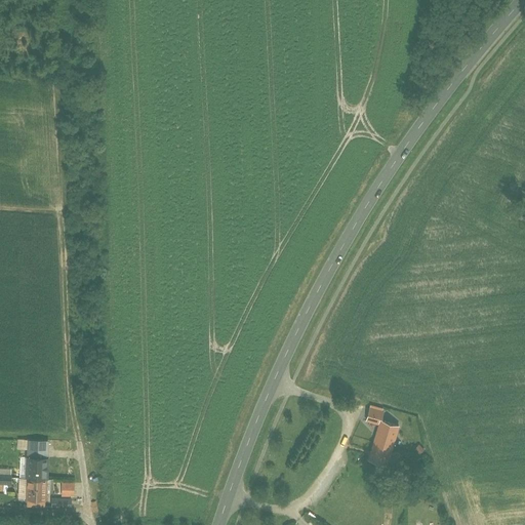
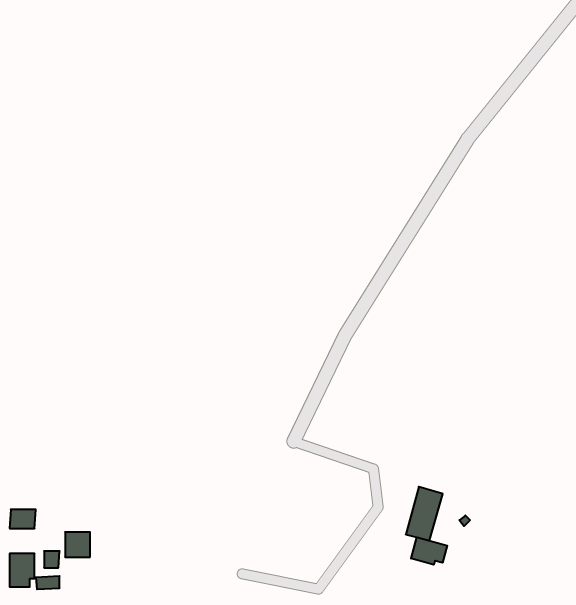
building: [26,456,47,478] -> [65,532,90,557]
building: none -> [411,537,447,565]

